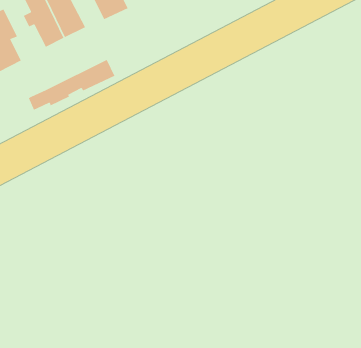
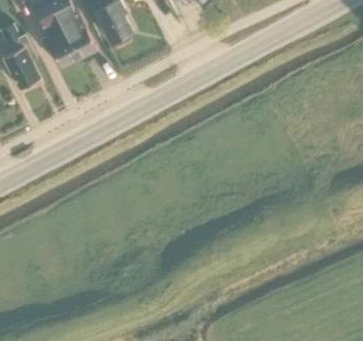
building: [28,59,115,111] -> none

